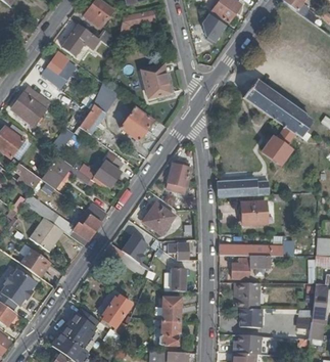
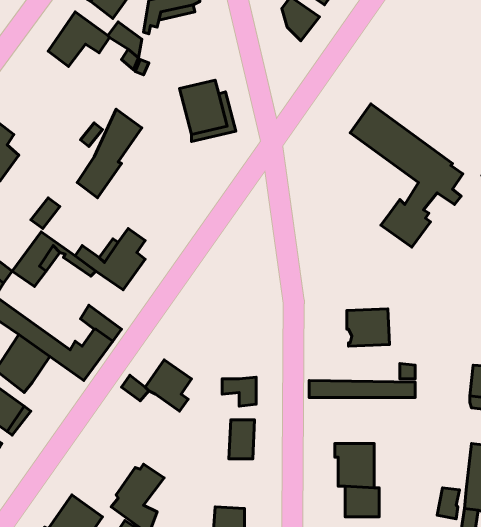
building: [43,52,74,86] -> none
building: [121,107,153,140] -> none
building: [167,161,191,192] -> none
building: [217,179,269,196] -> none
building: [142,201,175,234] -> none
building: [232,255,270,278] -> none
building: [158,297,181,321] -> none

